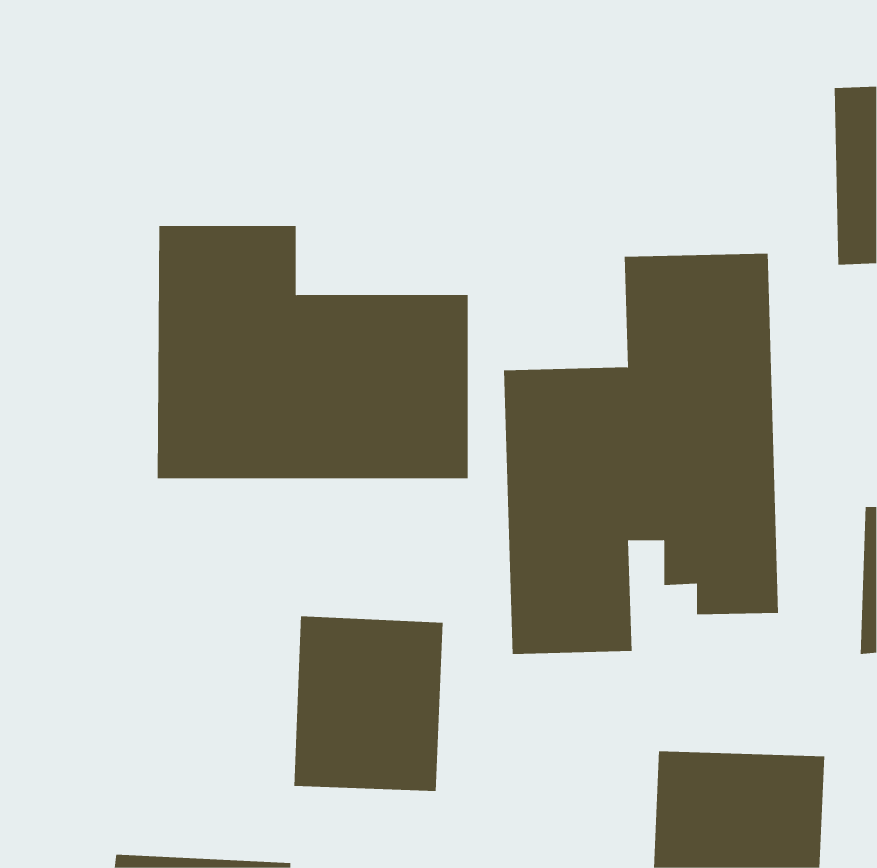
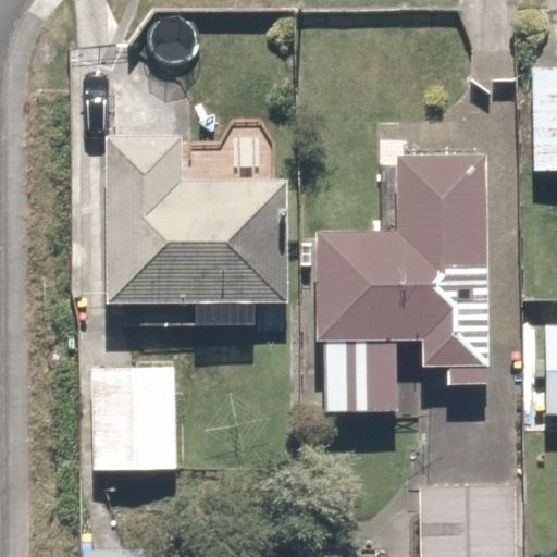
building: [293,616,443,791] -> [87,358,182,469]

